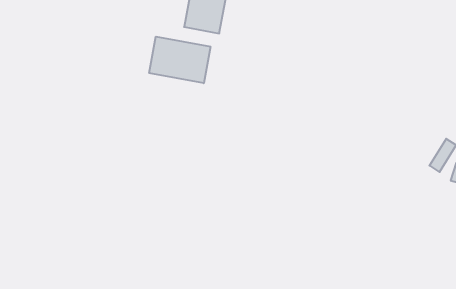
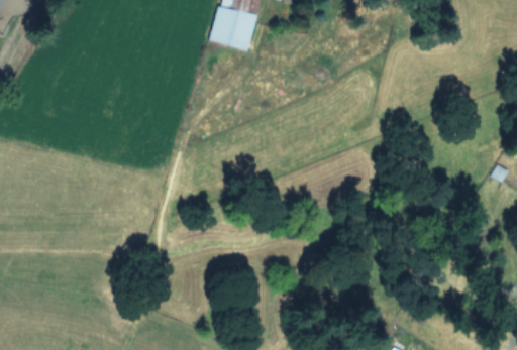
building: [149,37,210,83] -> none

